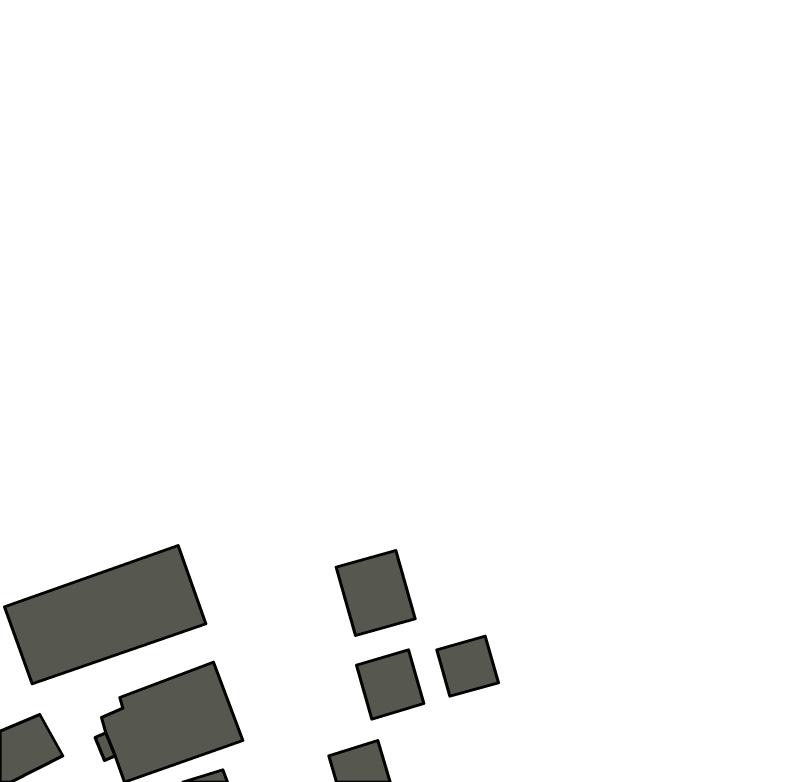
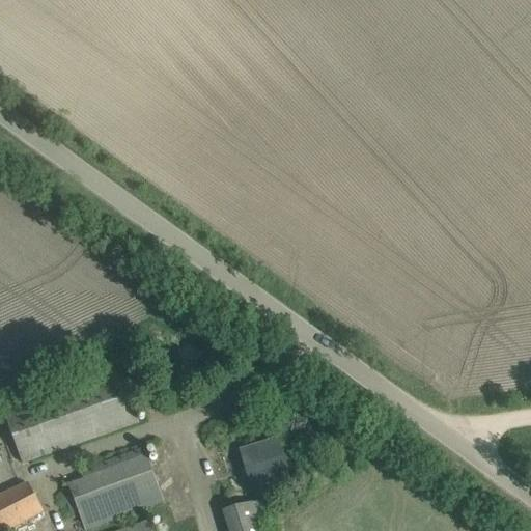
building: [336,551,415,635] -> none
building: [437,636,499,696] -> none

